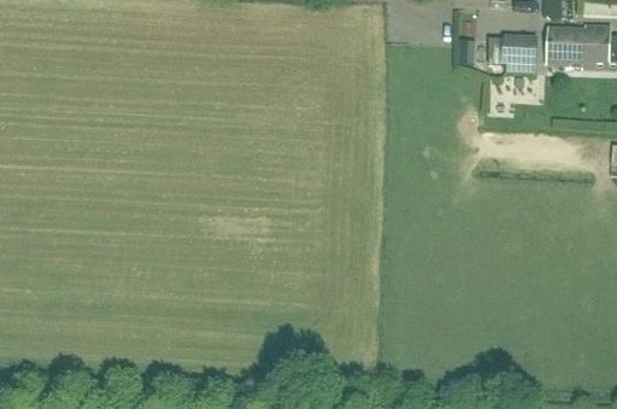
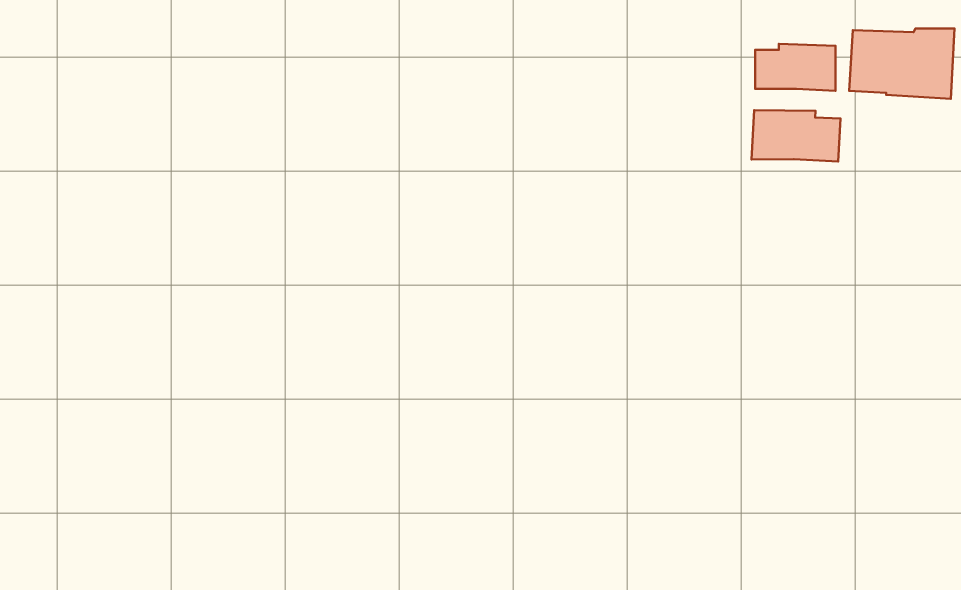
building: none -> [752,110,840,161]

